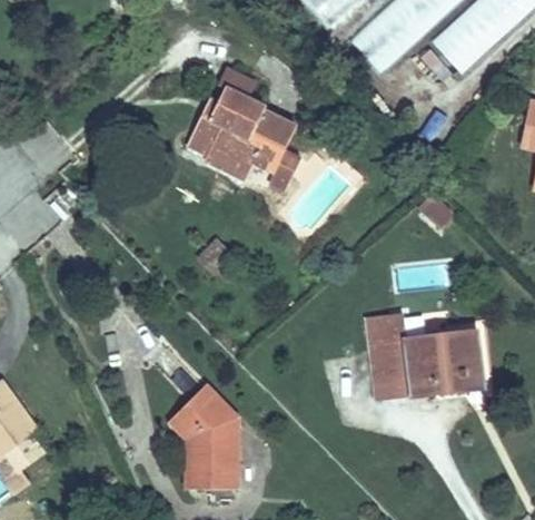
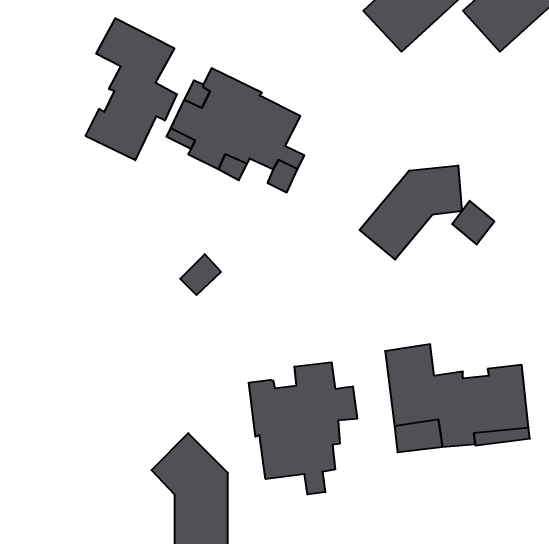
building: none -> [86,18,177,160]
building: none -> [360,165,462,260]
building: none -> [249,362,357,495]

